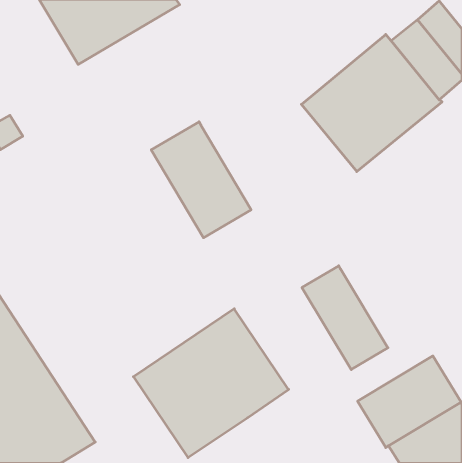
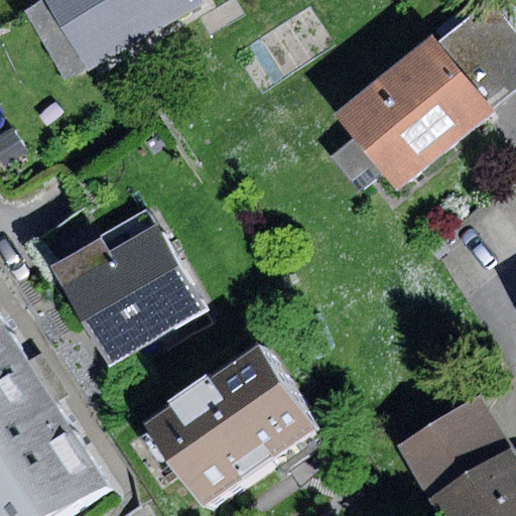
building: [151,122,251,238] -> none
building: none -> [51,211,206,366]
building: [302,266,388,370] -> none

